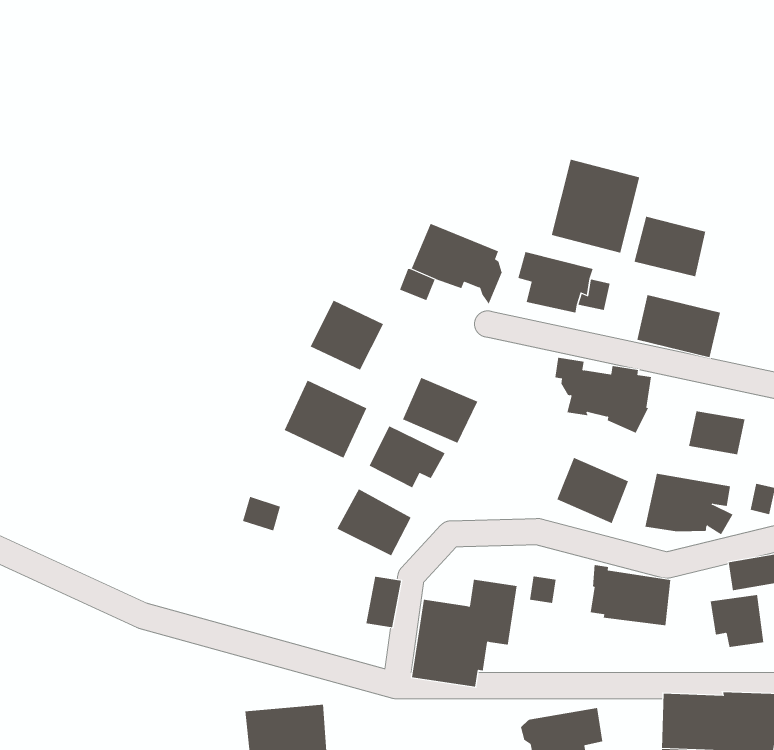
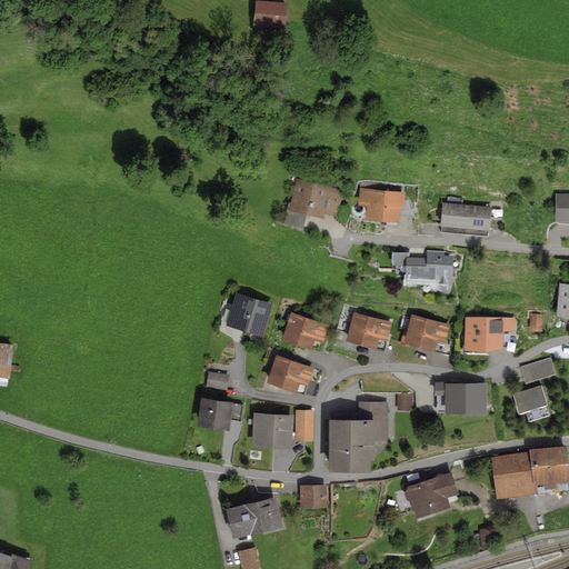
building: [551,159,640,253] -> none
building: [634,216,706,277] -> none
building: [310,300,384,371] -> none
building: [402,377,478,444] -> [347,312,393,351]
building: [689,410,745,455] -> none
building: none -> [197,398,243,431]
building: none -> [252,412,293,449]
building: none -> [299,485,327,509]

